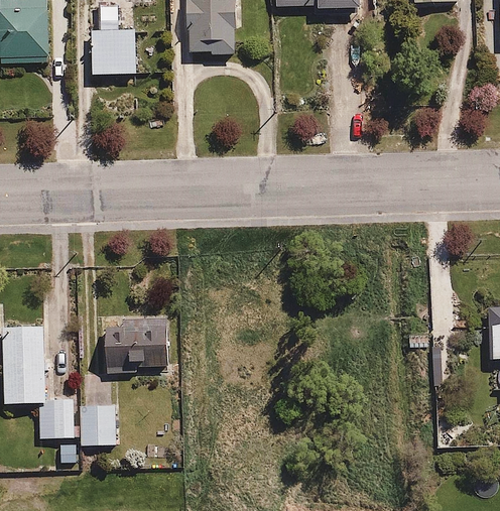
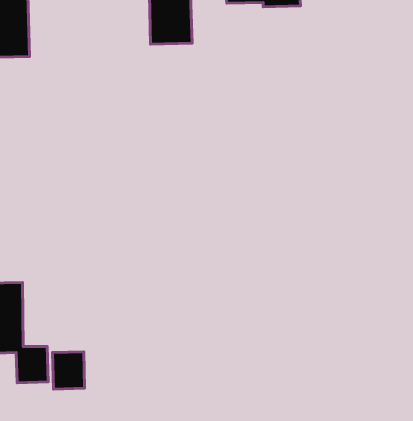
building: [88,27,137,74] -> none
building: [104,317,168,370] -> none

